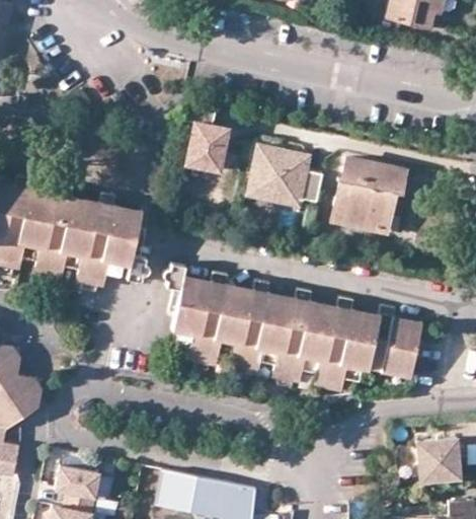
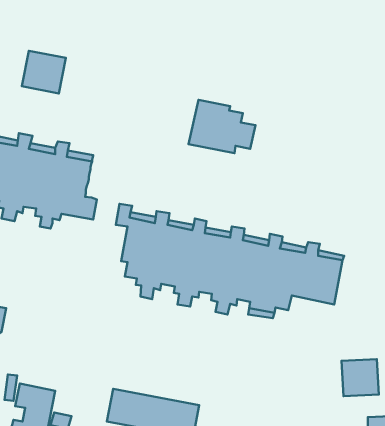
building: none -> [22,51,66,93]
building: [185,104,229,172] -> none
building: [334,158,405,233] -> none

